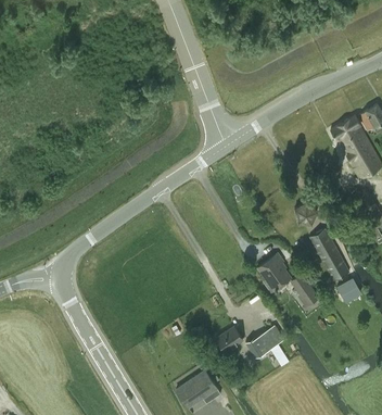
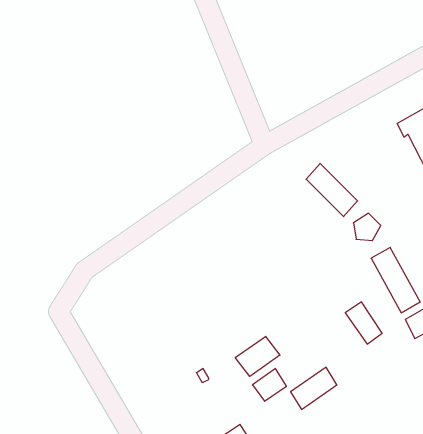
building: none -> [306,163,358,217]
building: [258,255,291,292] -> none
building: none -> [235,336,280,376]

